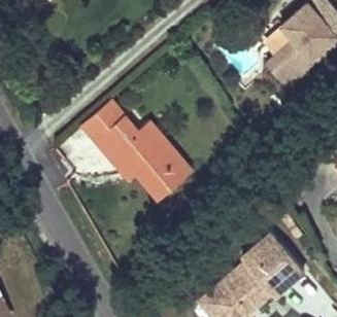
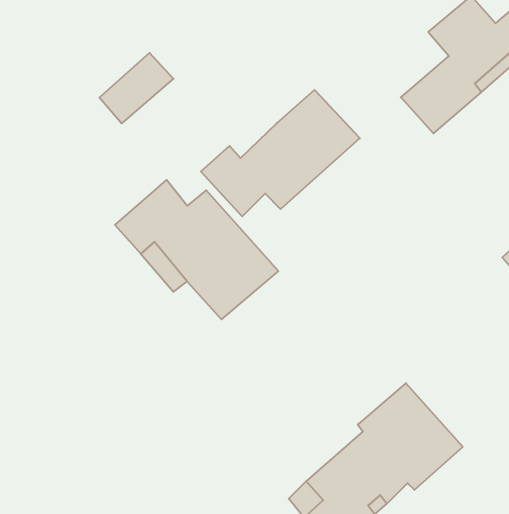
building: none -> [201,90,360,216]
building: [80,101,125,143] -> [99,53,174,123]

